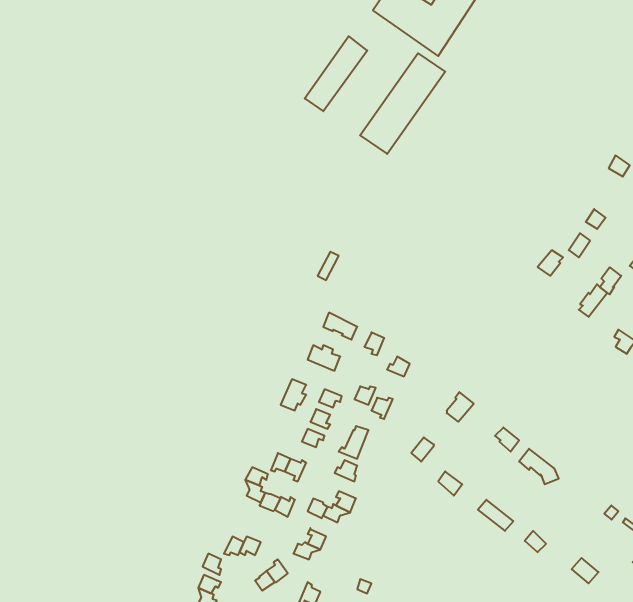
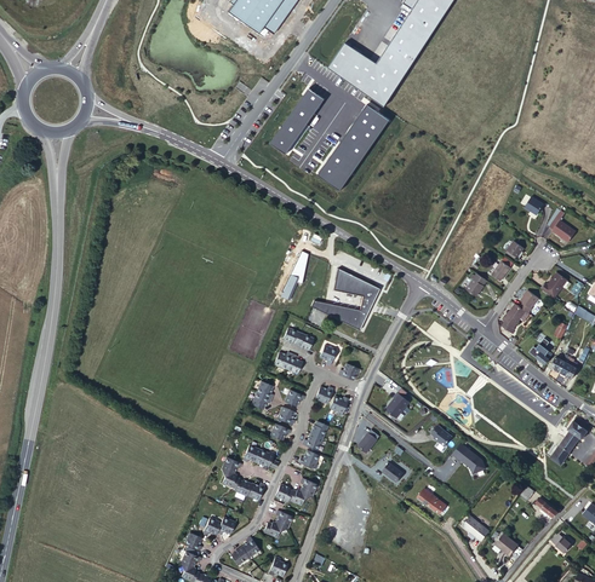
building: none -> [309,269,377,330]

